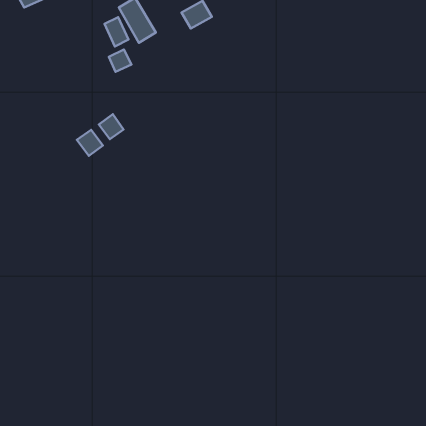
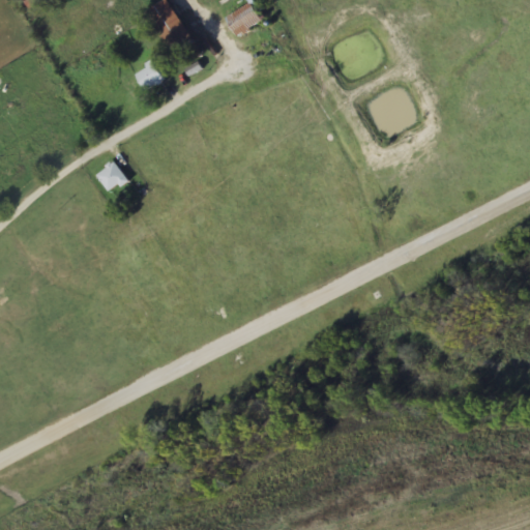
building: [104,17,129,46] -> none
building: [99,114,124,139] -> none

